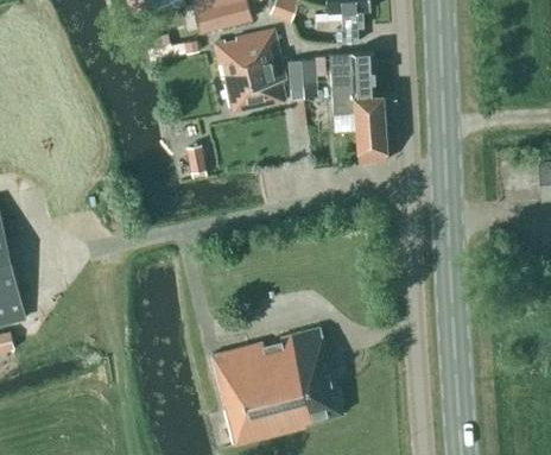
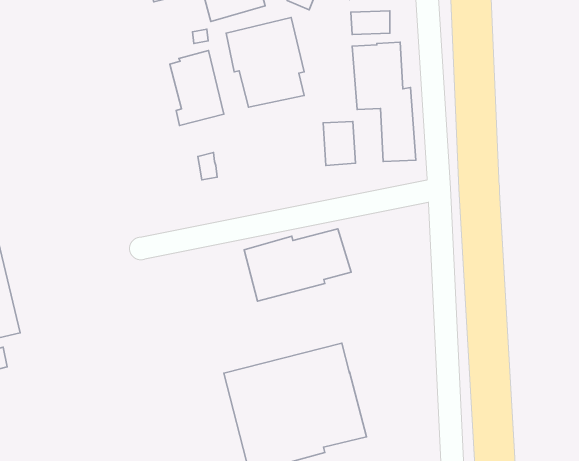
building: none -> [170,51,224,126]
building: [287,61,317,101] -> [323,122,356,166]
building: none -> [244,229,351,301]

